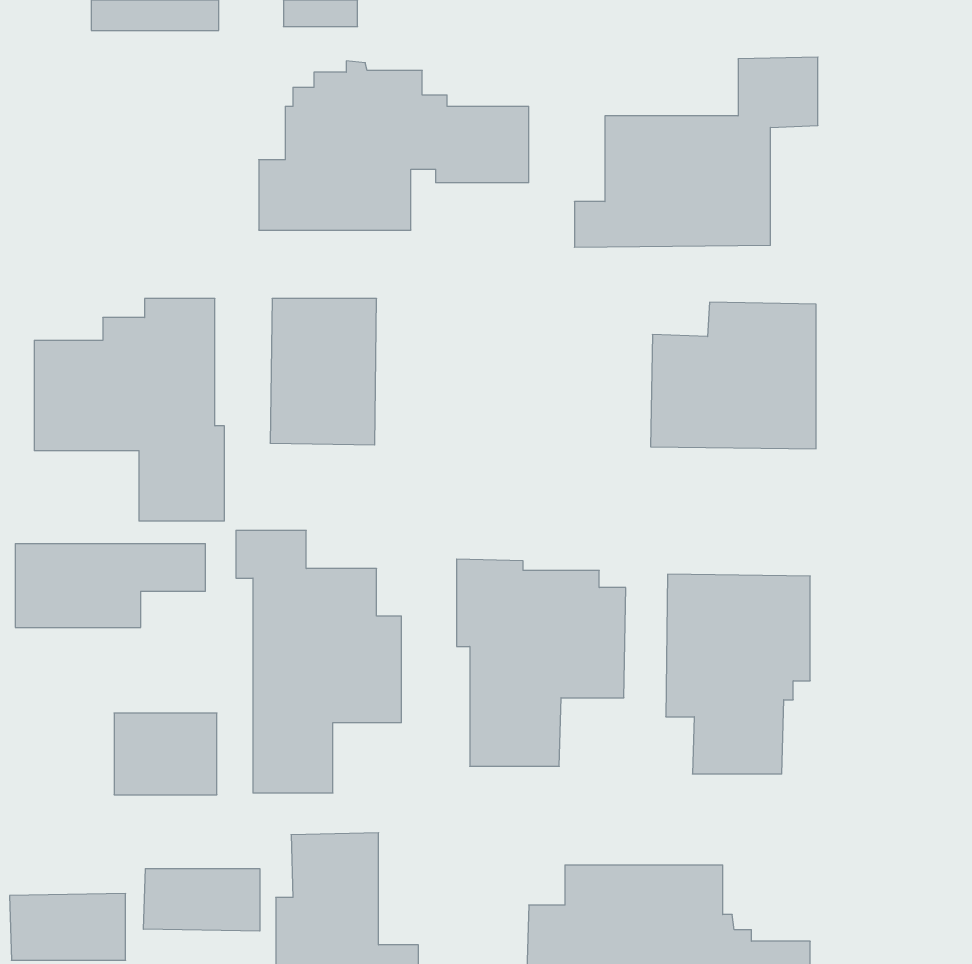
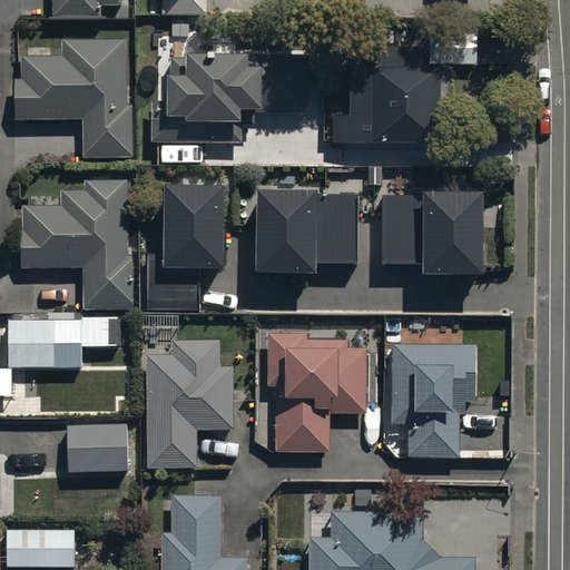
building: none -> [14,39,131,158]
building: none -> [254,176,360,268]
building: [143,869,260,931] -> none

